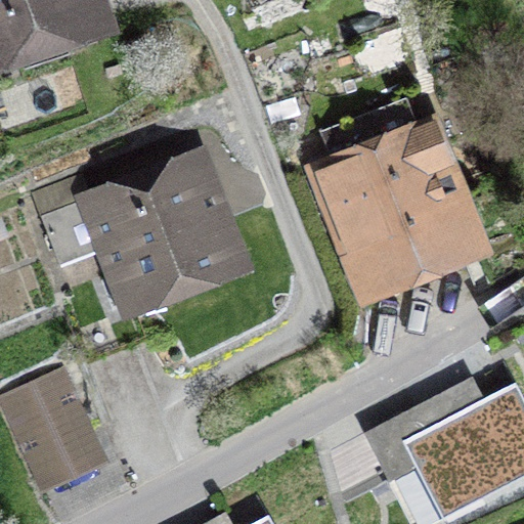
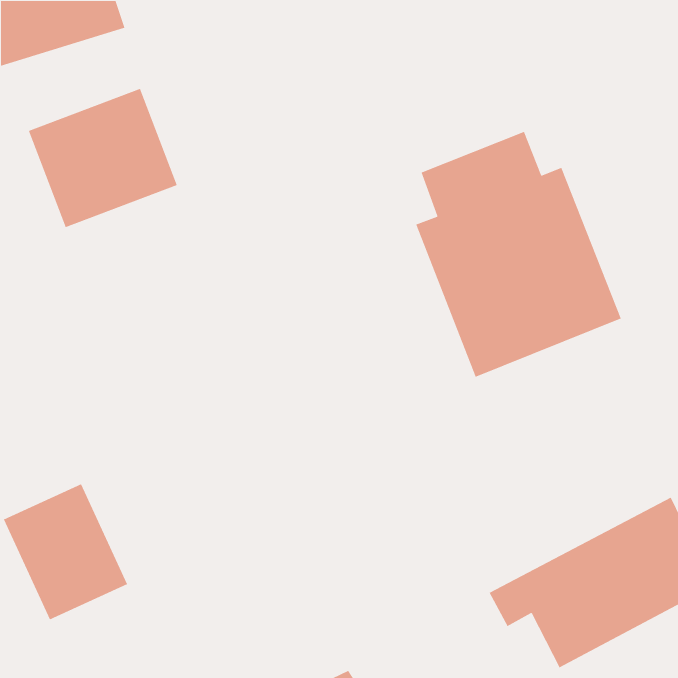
building: none -> [28,88,178,228]
building: [46,165,239,305] -> none

